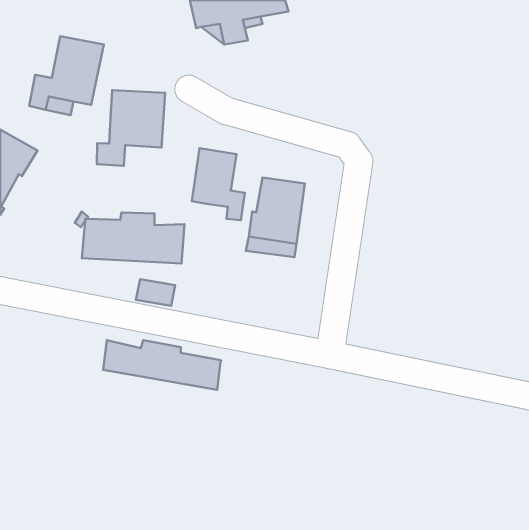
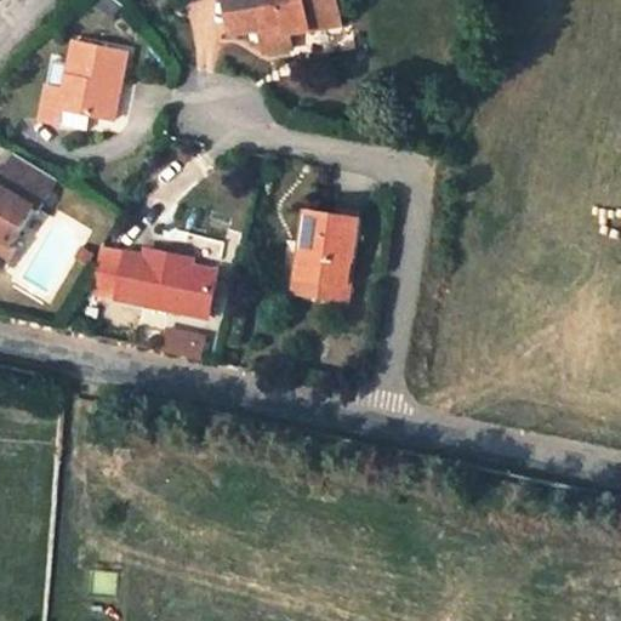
building: [97,90,165,166] -> none
building: [192,148,245,220] -> none
building: [103,340,221,390] -> none

